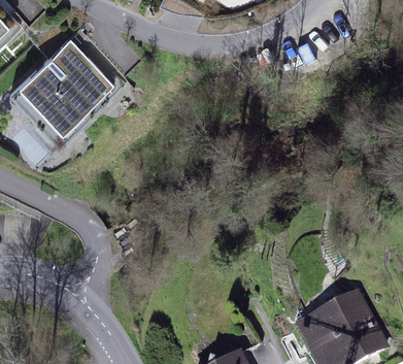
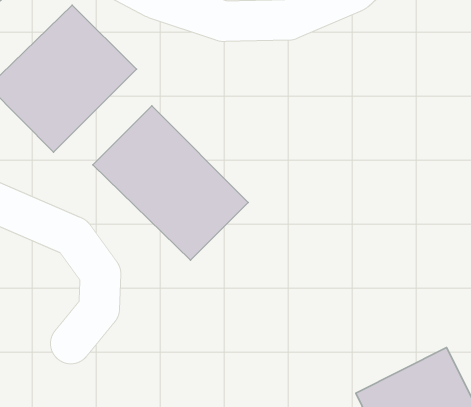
building: none -> [93,106,248,260]

